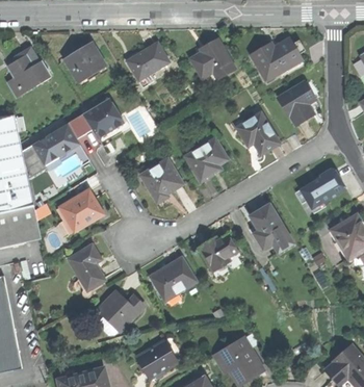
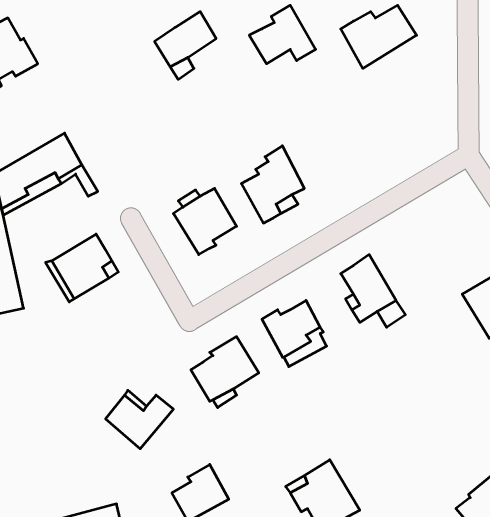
building: [63,42,106,82] -> none
building: [276,80,314,124] -> none
building: [84,98,124,137] -> none
building: [237,111,278,154] -> none
building: [300,169,343,208] -> none
building: [68,244,104,290] -> none

